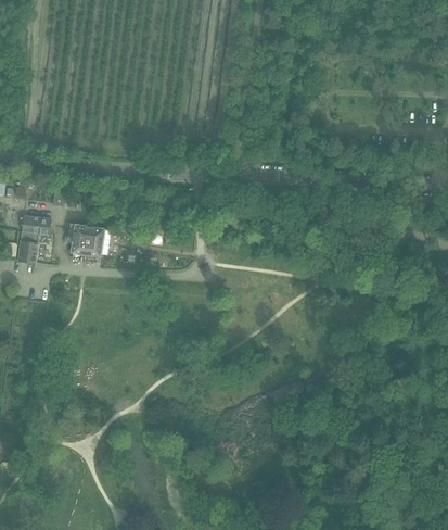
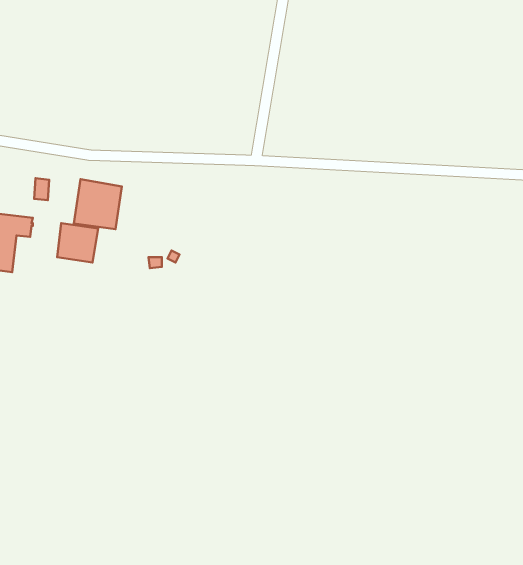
building: none -> [74,179,122,229]

